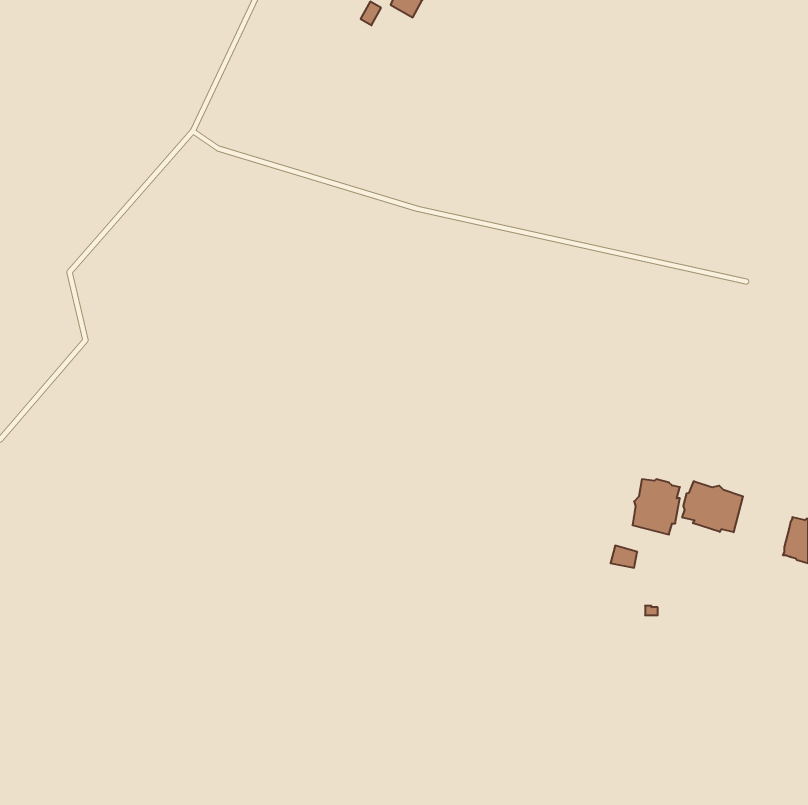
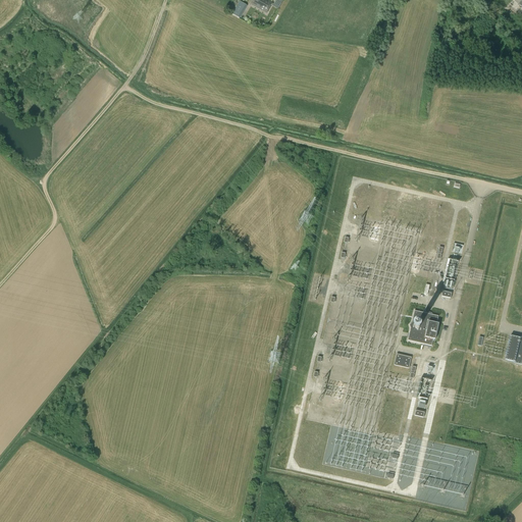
building: [682,481,743,532] -> none

